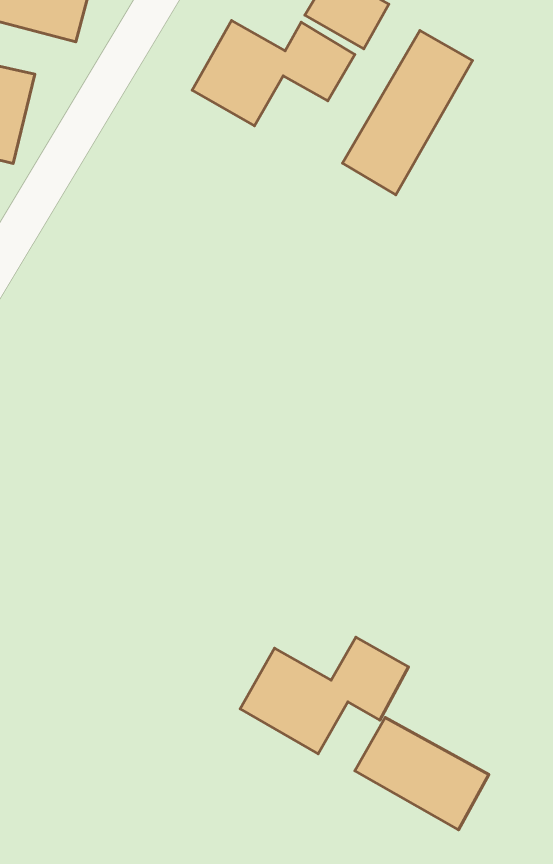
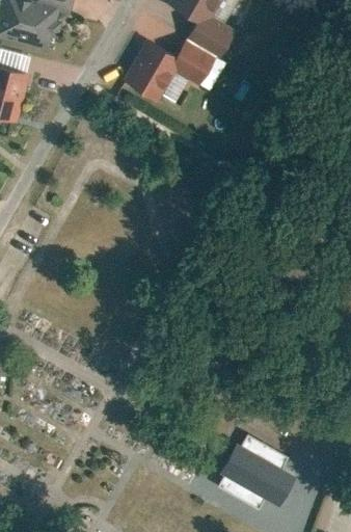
building: [343,30,473,195] -> none
building: [240,637,408,754] -> none

